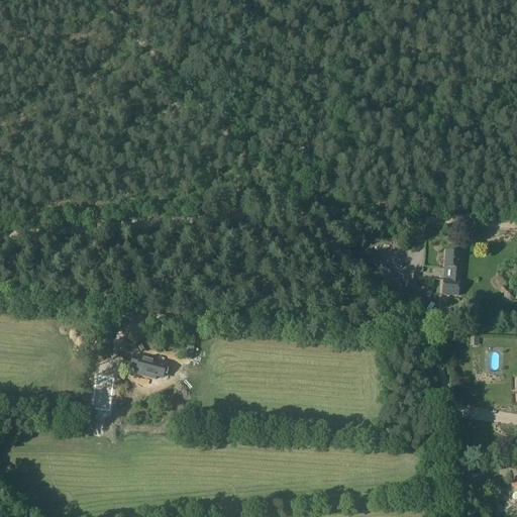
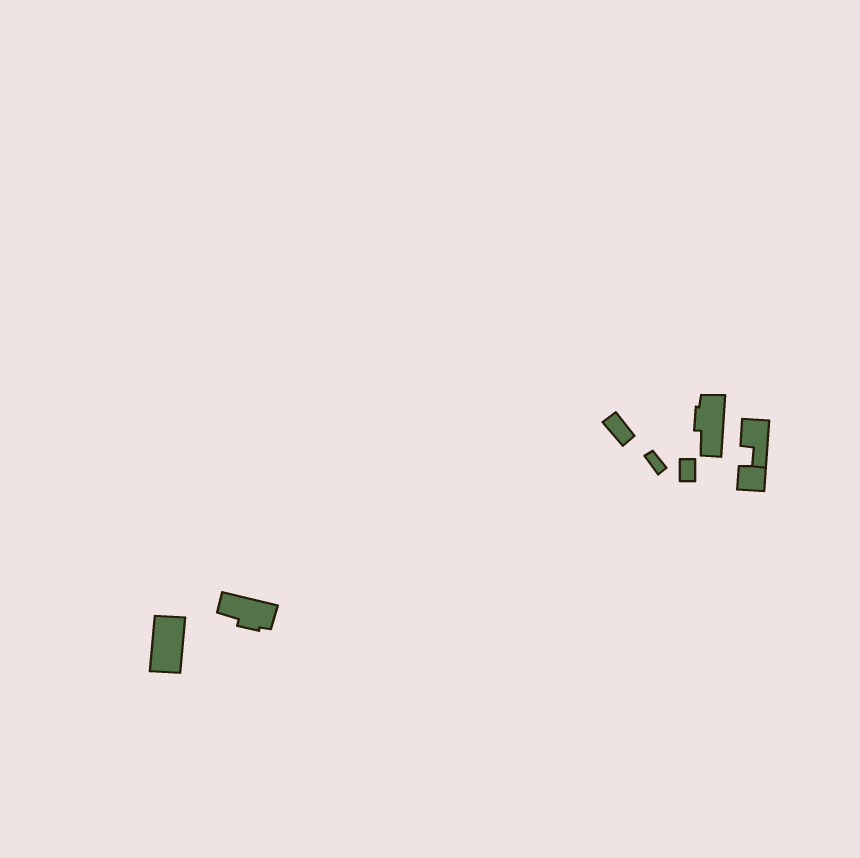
building: none -> [694,395,725,457]

